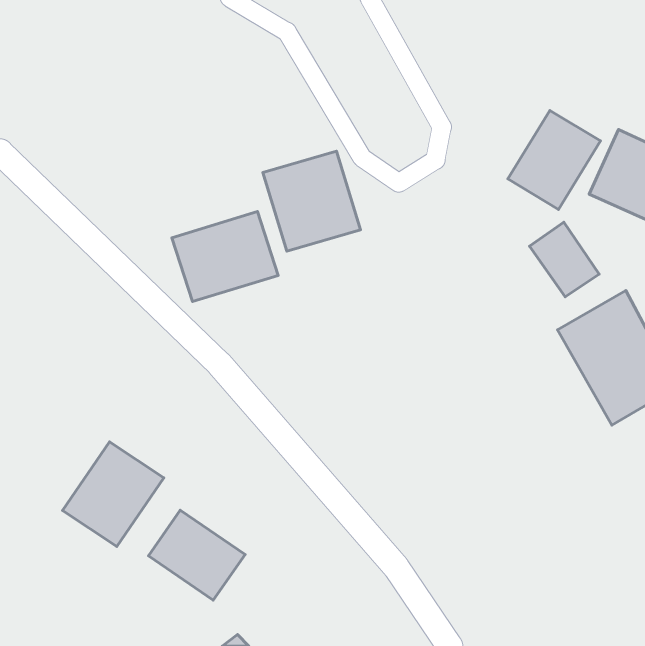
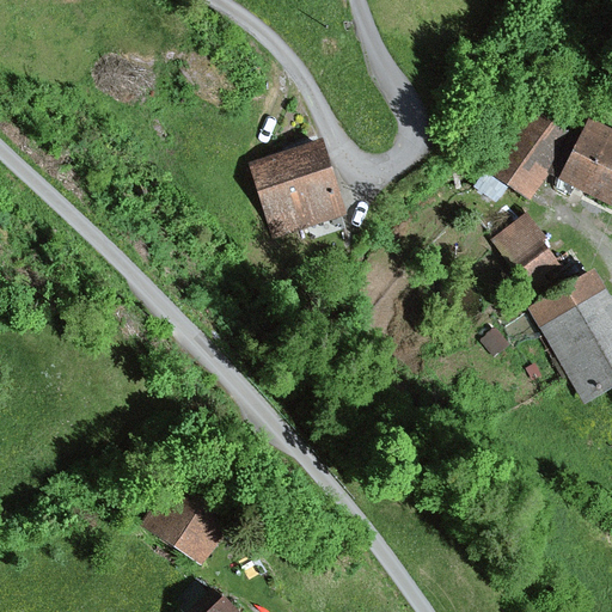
building: [172,212,278,302] -> none
building: [63,442,164,546] -> none

